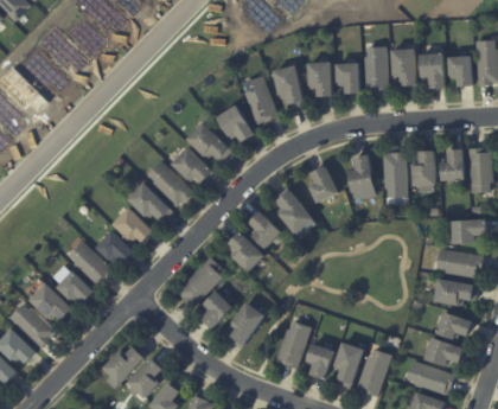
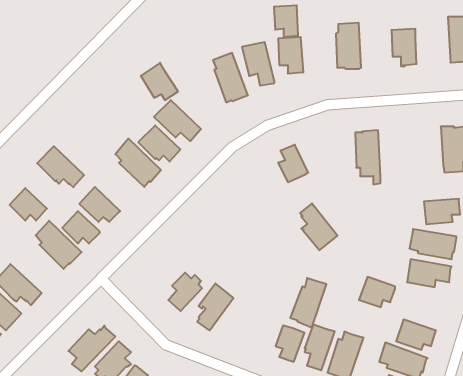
building: [391,46,416,89] -> none
building: [448,55,472,84] -> none
building: [336,60,359,91] -> [274,5,298,37]
building: [216,103,253,140] -> [141,63,178,100]
building: [440,148,464,179] -> none
building: [411,149,435,185] -> none
building: [346,153,374,191] -> none
building: [126,181,172,222] -> [37,146,84,187]
building: [275,186,312,232] -> [300,203,337,250]
building: [248,210,280,248] -> none
building: [228,231,263,271] -> none
building: [175,263,222,308] -> none
building: [56,270,92,302] -> [10,188,47,221]
building: [435,311,471,340] -> [359,277,395,307]
building: [275,320,311,369] -> [290,278,326,327]

